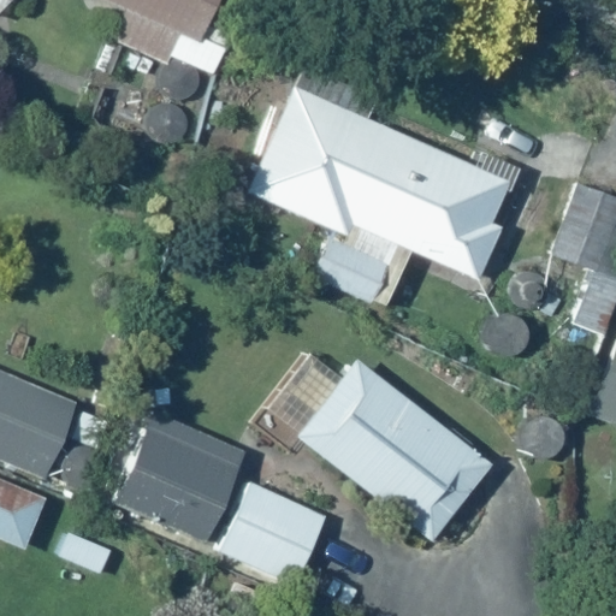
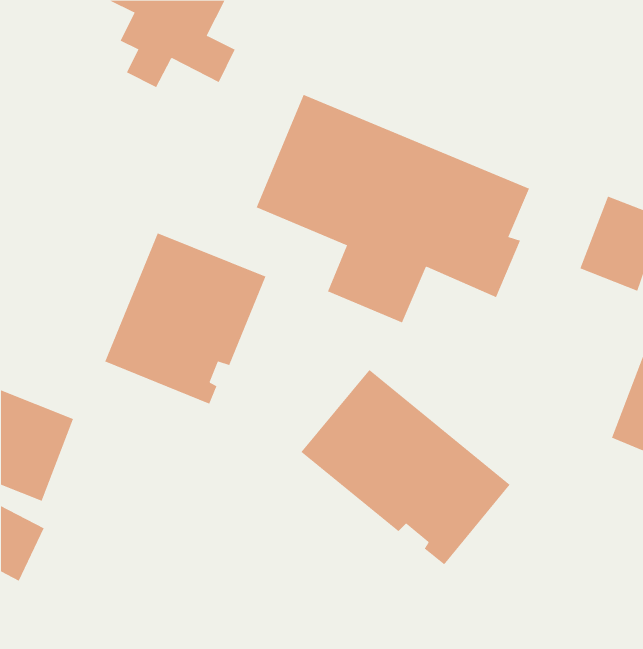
building: none -> [105,232,266,404]
building: [117,413,244,539] -> none
building: [218,479,328,584] -> none

